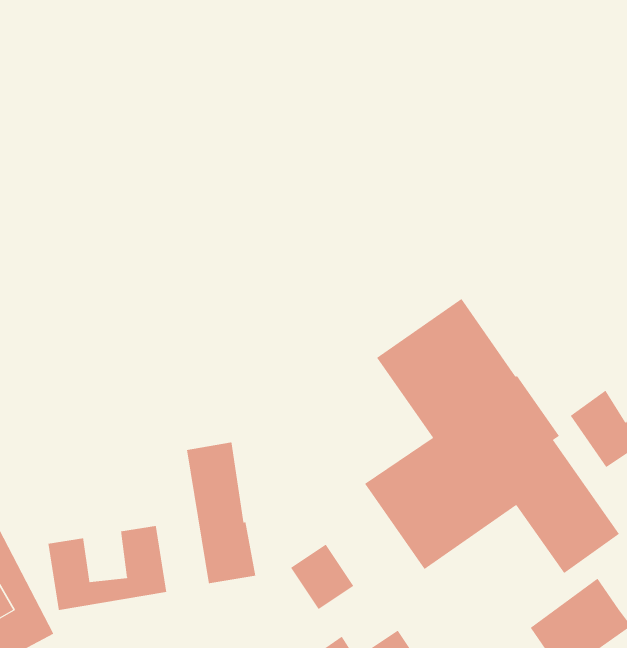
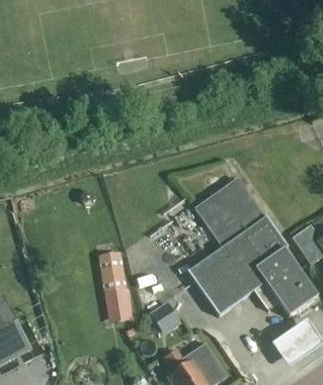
building: [48,525,167,611] -> none

